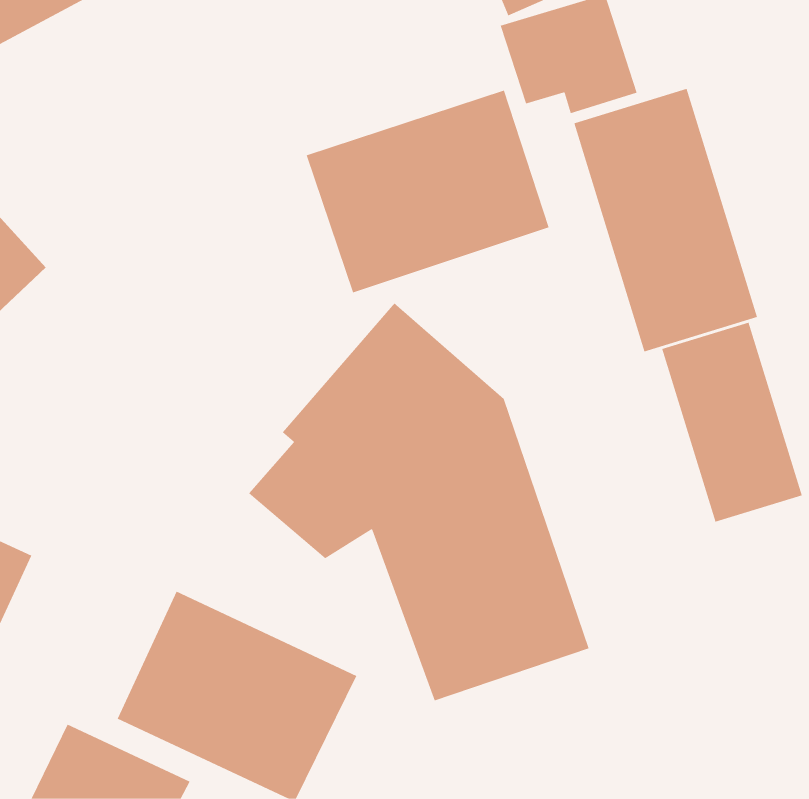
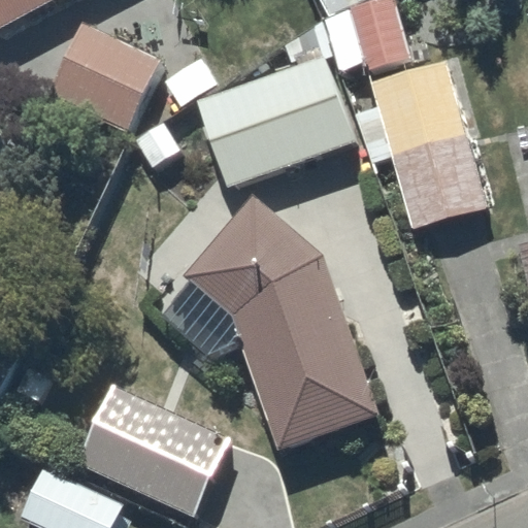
building: none -> [45,24,158,133]
building: [662,322,802,522] -> none

